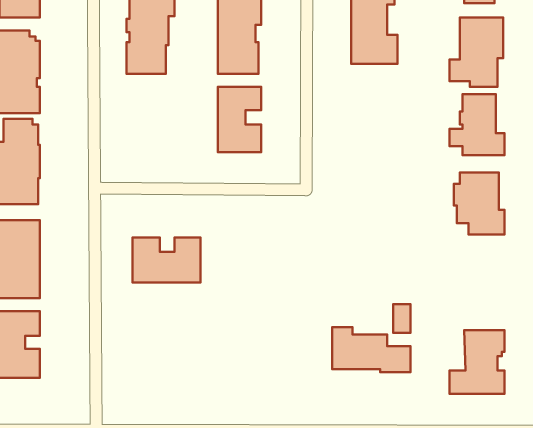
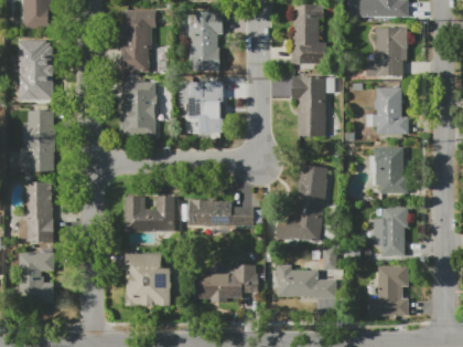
building: none -> [292,76,334,136]
building: none -> [120,82,155,134]
building: none -> [277,166,329,242]
building: none -> [181,199,262,231]
building: none -> [374,206,408,256]
building: none -> [126,253,172,306]
building: none -> [191,264,259,317]

